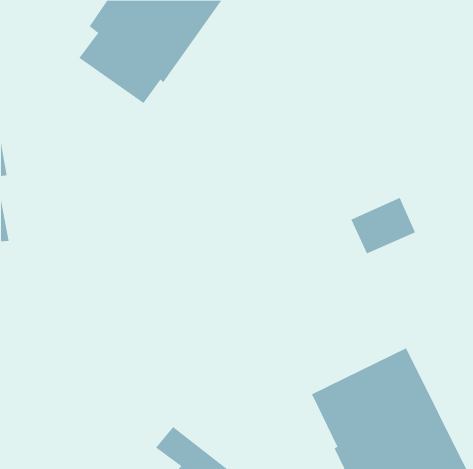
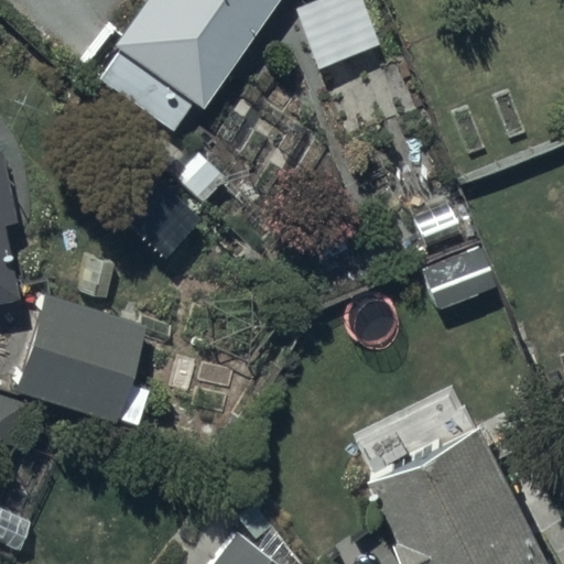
building: none -> [12,291,151,424]

